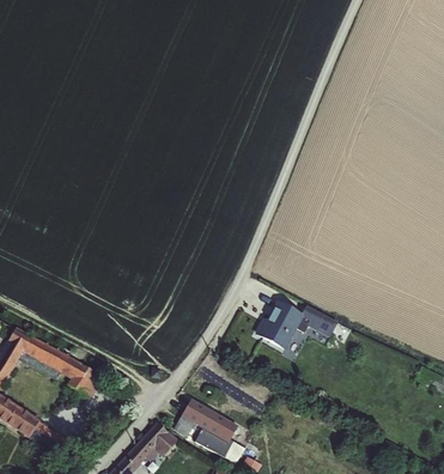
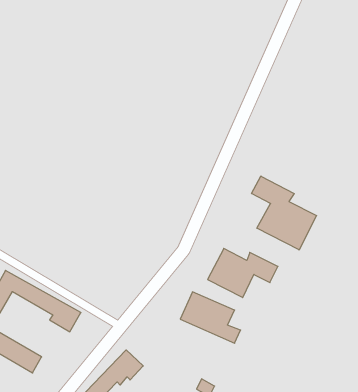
building: none -> [252,176,317,250]
building: [174,400,245,461] -> [180,292,241,343]

